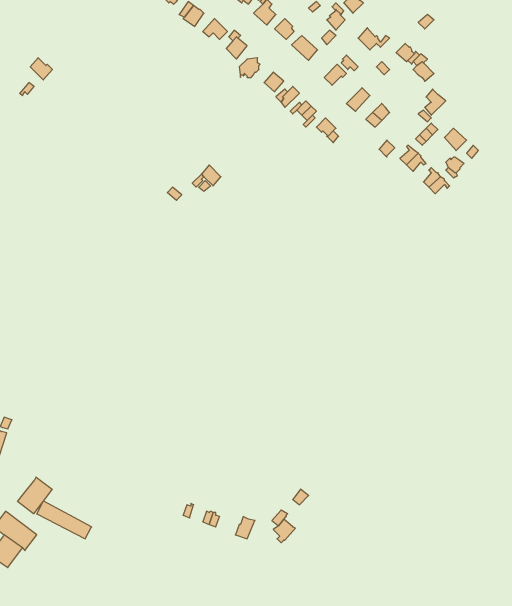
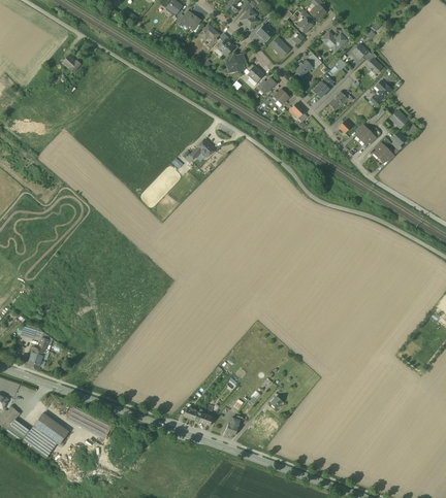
building: [18,477,52,514] -> none

